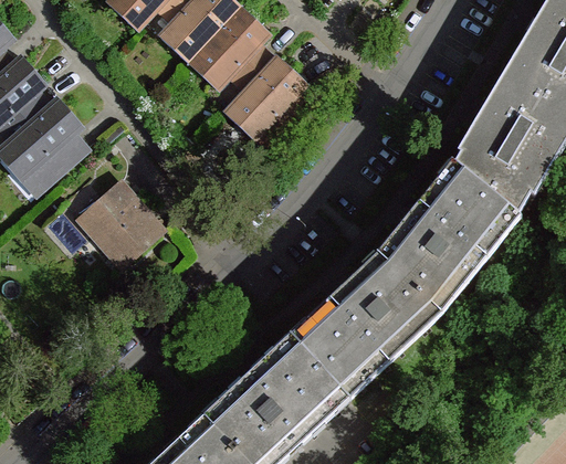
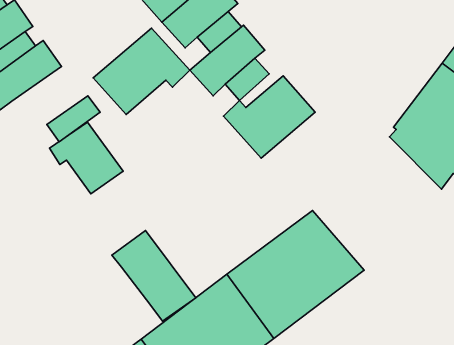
building: none -> [93,28,190,114]
building: none -> [223,76,315,158]
building: [30,133,87,187] -> [47,96,100,142]
building: [376,162,518,314] -> none
building: none -> [112,230,196,321]

